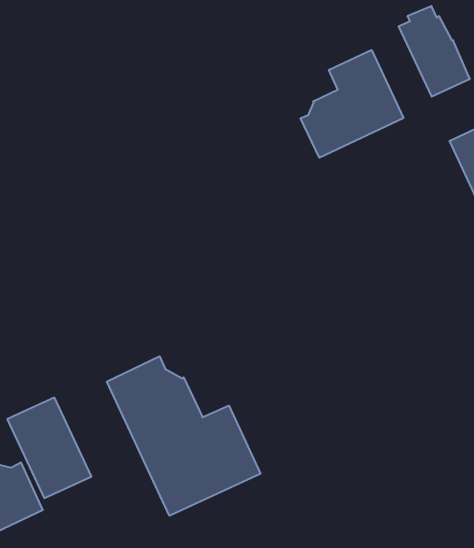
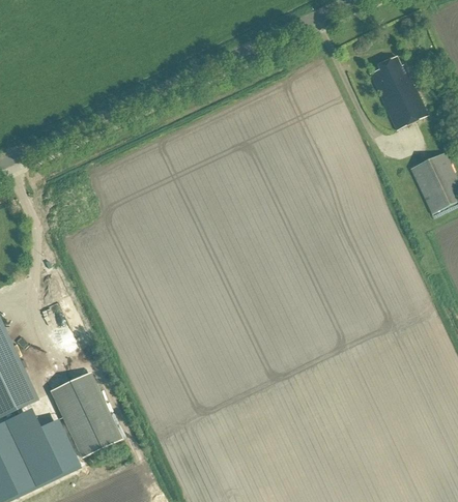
building: [301,50,403,158] -> none
building: [107,356,260,516] -> none

